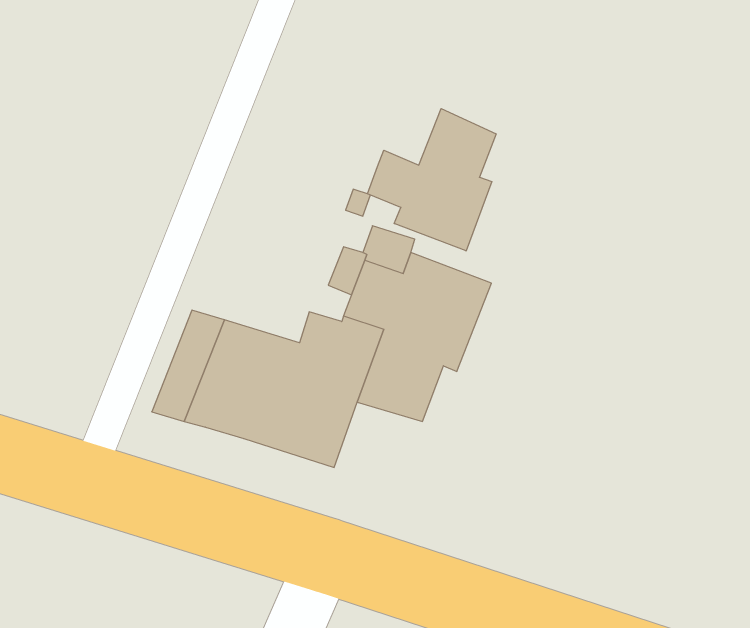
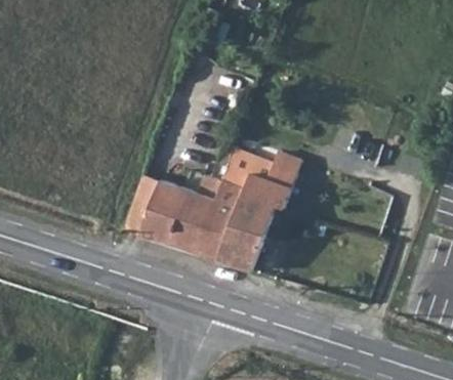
building: [367,109,496,251] -> none
building: none -> [217,223,264,269]

